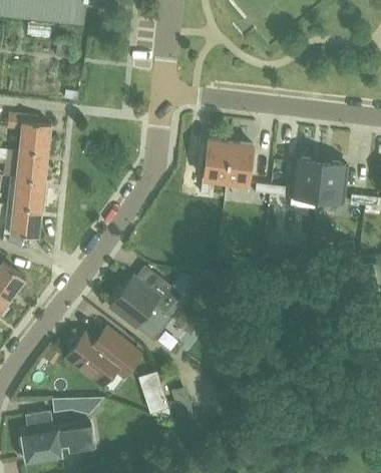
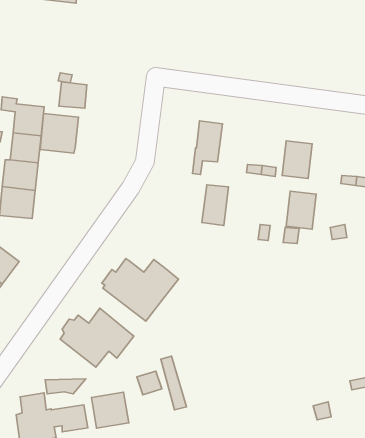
building: none -> [59,82,87,108]
building: none -> [40,113,79,153]
building: [225,141,252,182] -> [202,185,229,226]
building: [316,161,346,199] -> [286,191,316,229]
building: none -> [92,392,129,428]

